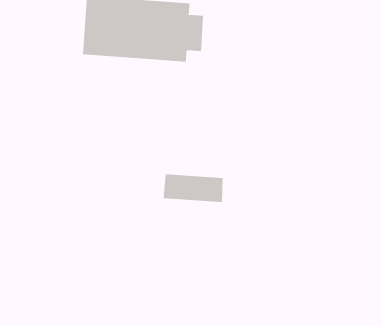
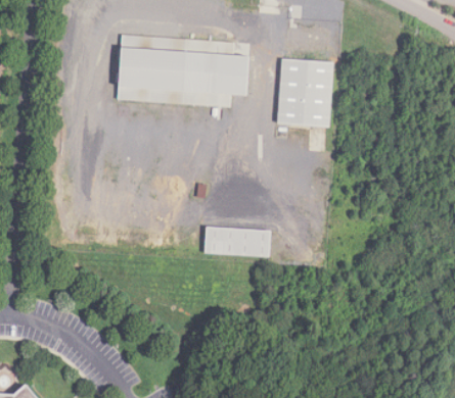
building: none -> [277,60,333,127]

